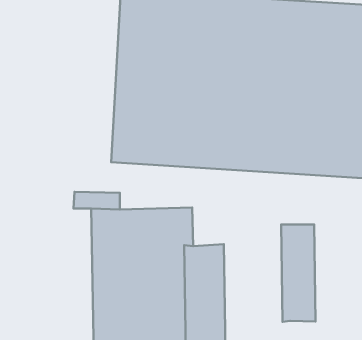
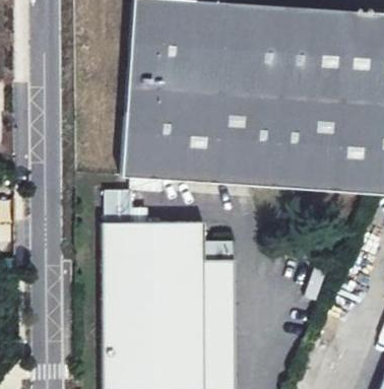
building: [281,224,316,322] -> none

